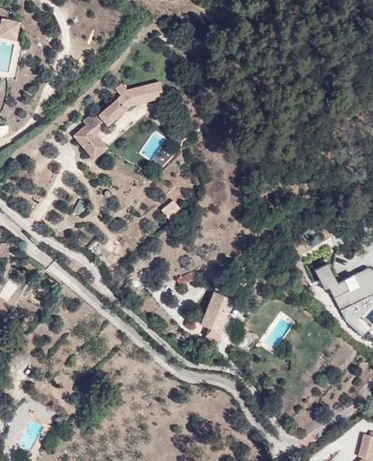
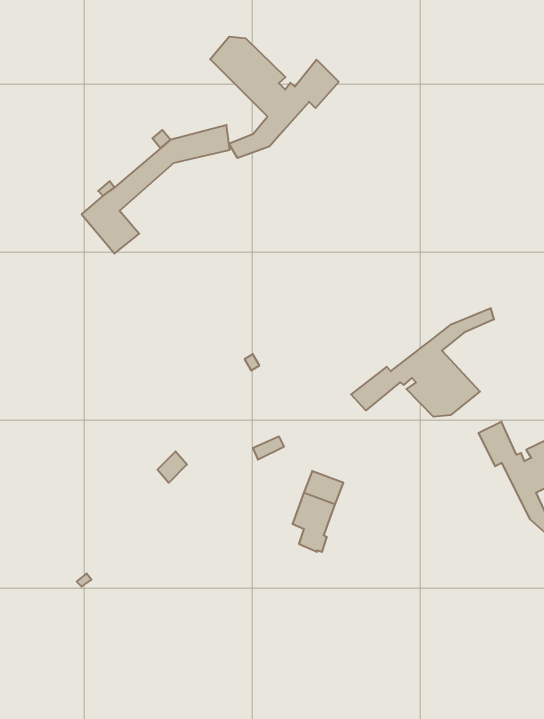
building: none -> [210,37,339,158]
building: none -> [351,308,494,417]

